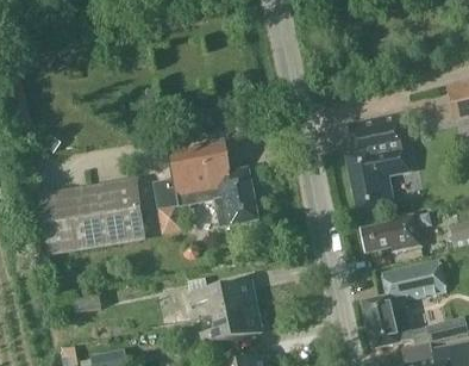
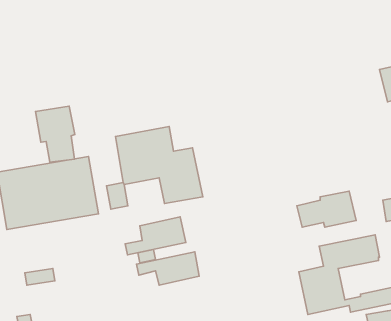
building: [344,112,411,212] -> none
building: none -> [36,106,75,162]
building: [196,304,261,345] -> [125,217,186,255]

